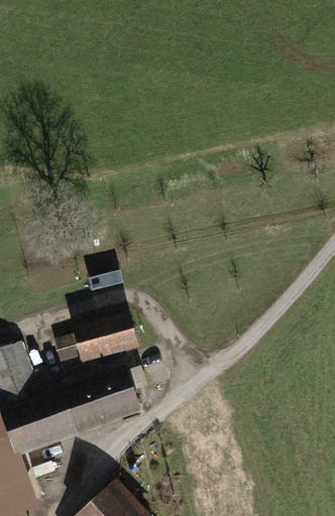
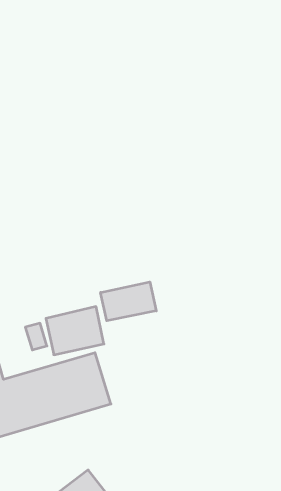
building: none -> [101,282,156,321]

